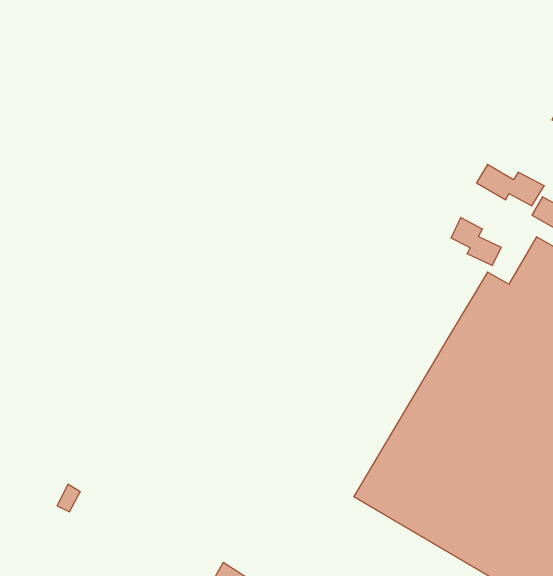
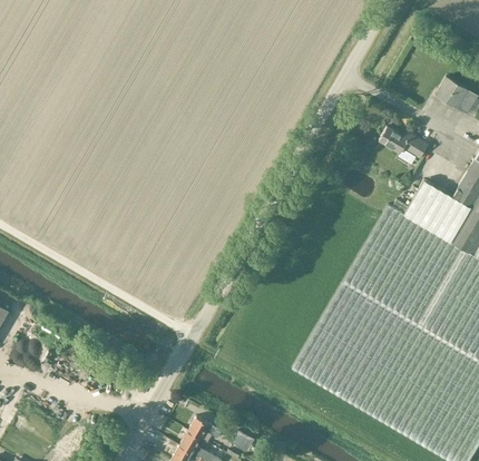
building: [451,217,501,266] -> none

